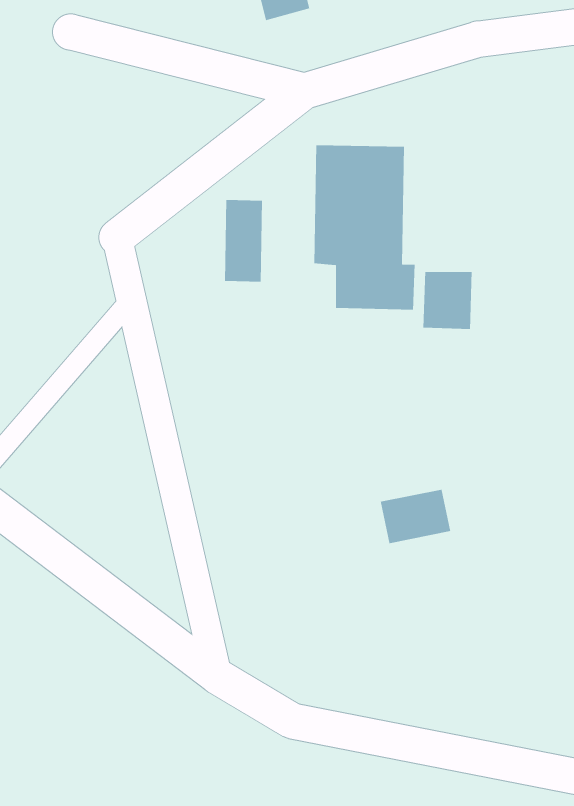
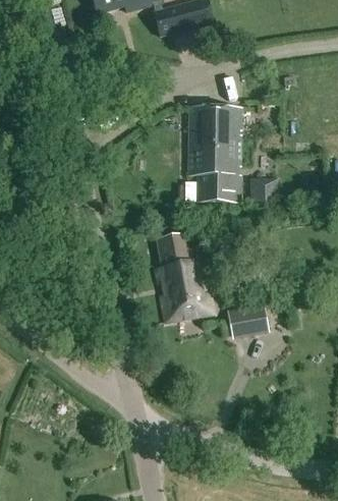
building: [224,199,263,283] -> none
building: none -> [153,234,209,323]

